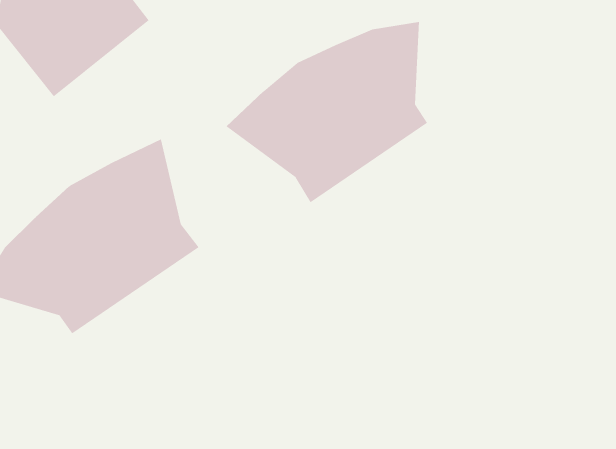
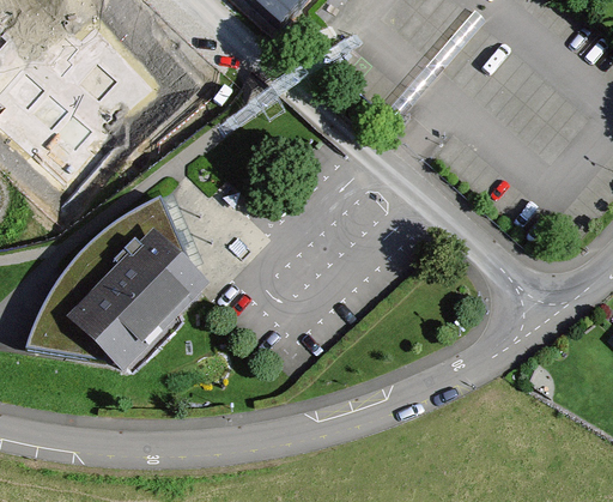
building: [225,21,428,203] -> none

